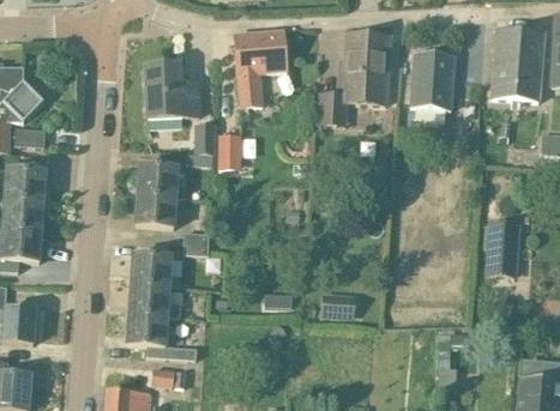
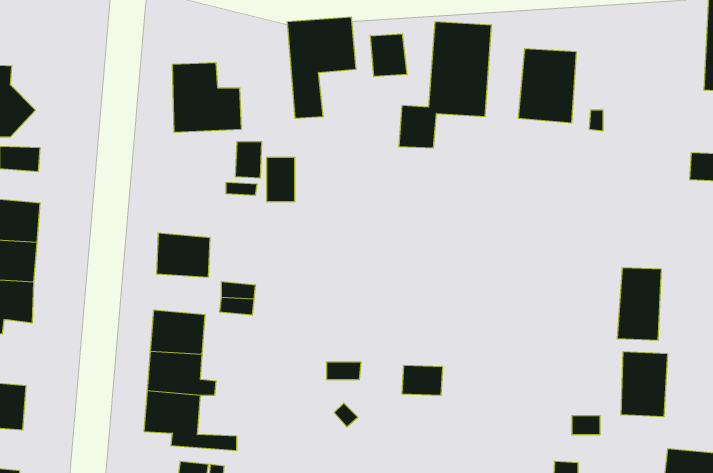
building: [490,26,544,108] -> none
building: none -> [370,34,407,77]
building: [136,163,186,198] -> none
building: none -> [621,352,668,417]

